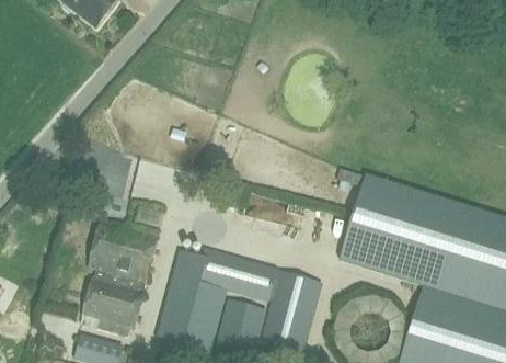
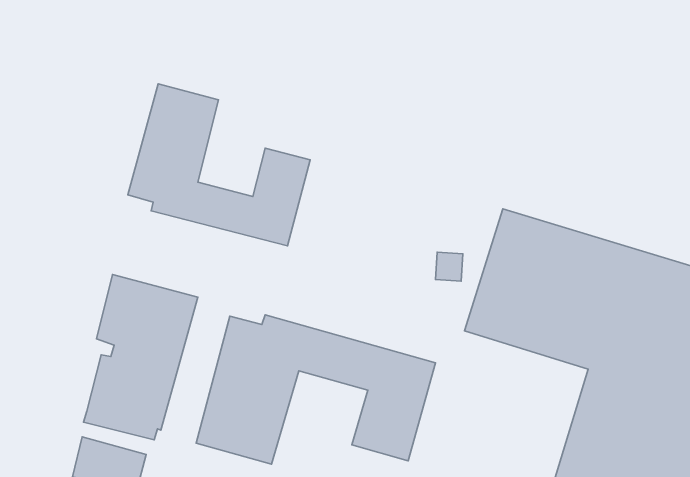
building: none -> [128,84,310,246]
building: [215,297,264,352] -> none

